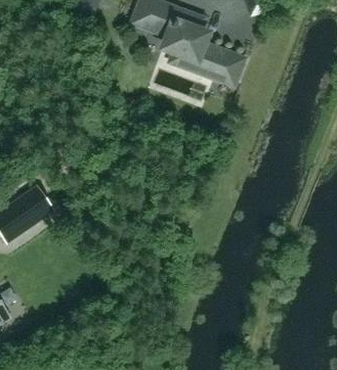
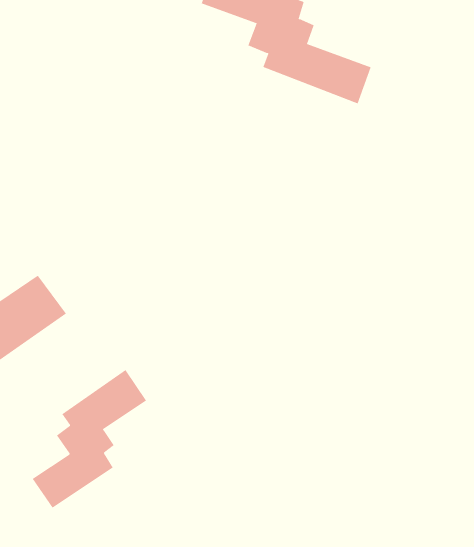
building: none -> [32,369,147,509]

